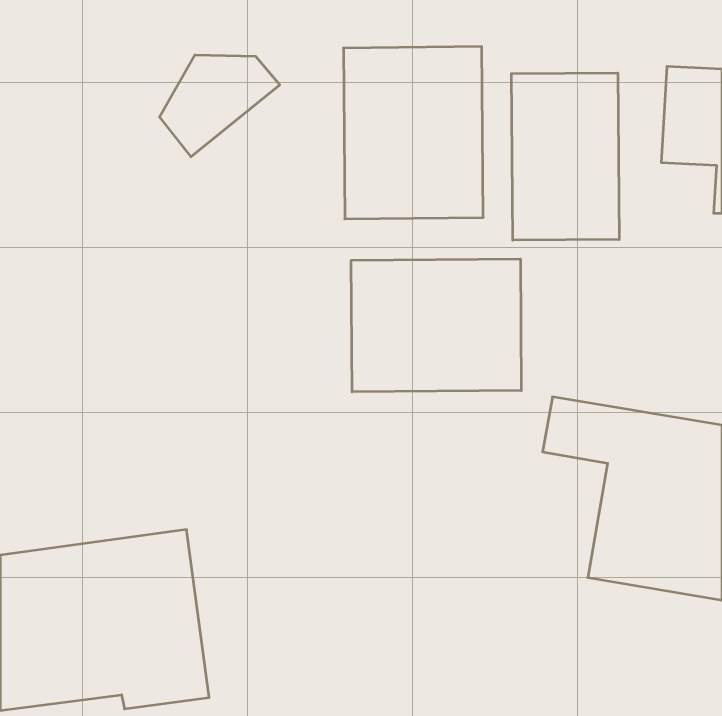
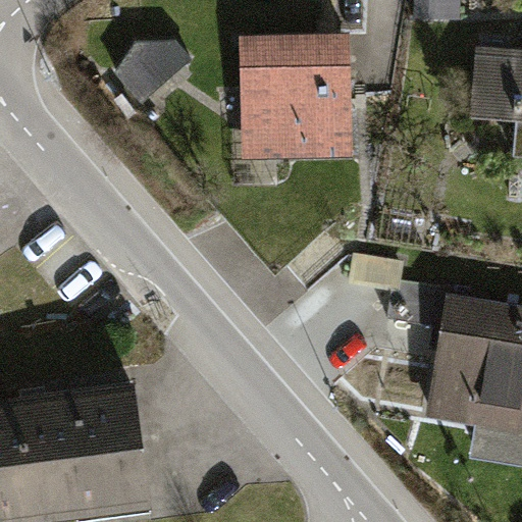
building: [511,73,619,240] -> none
building: [351,259,521,392] -> none

